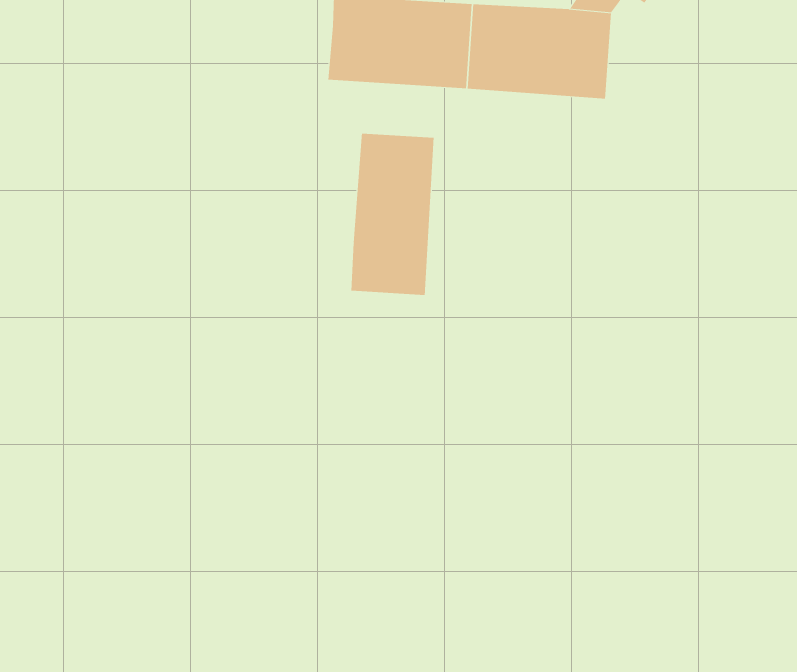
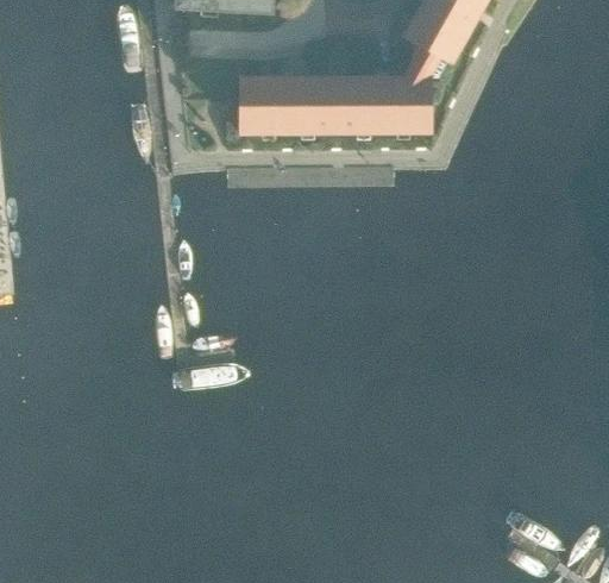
building: [351,133,434,296] -> none

